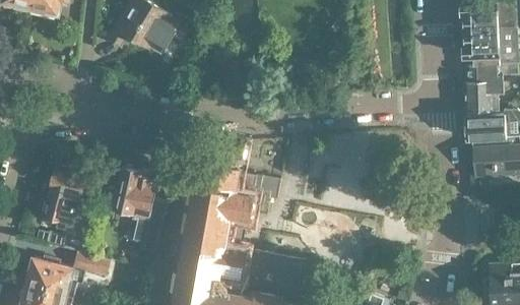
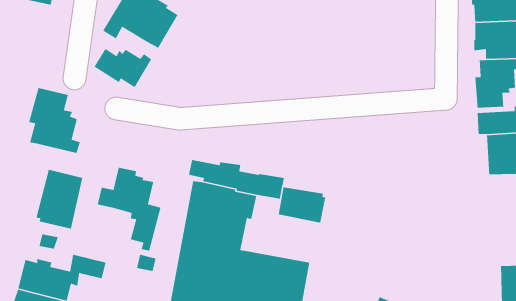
building: none -> [93,48,152,88]
building: none -> [28,87,81,154]
building: none -> [278,186,326,223]

